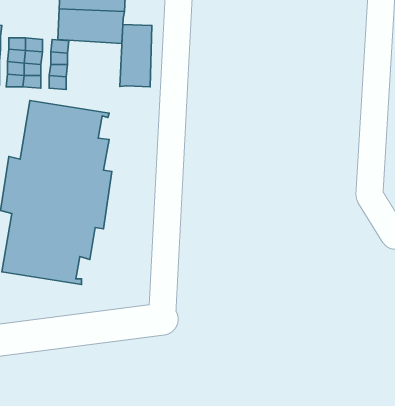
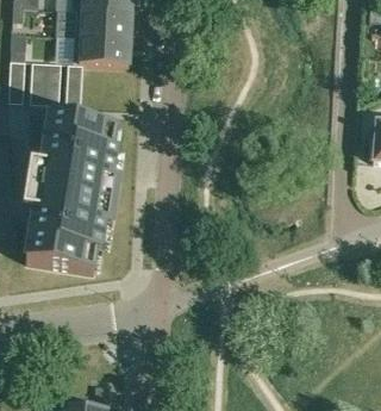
building: [120,24,152,87] -> none

